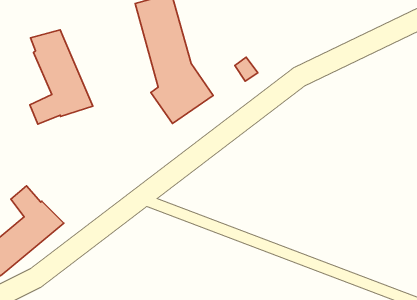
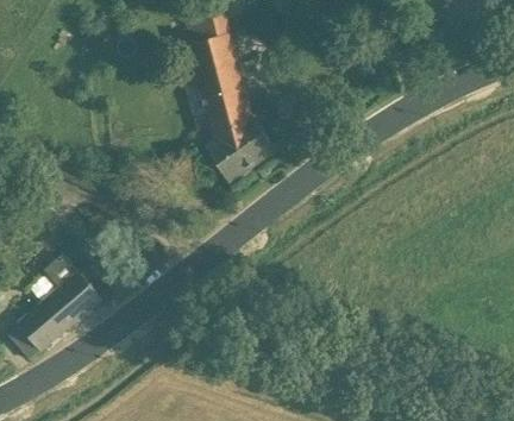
building: [30,30,93,124] -> none

